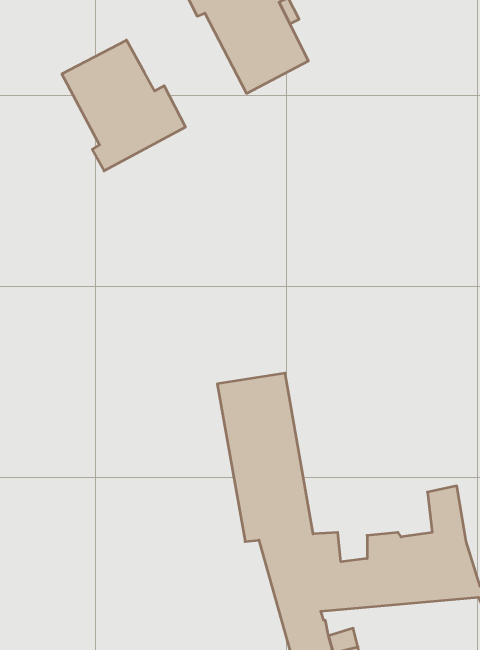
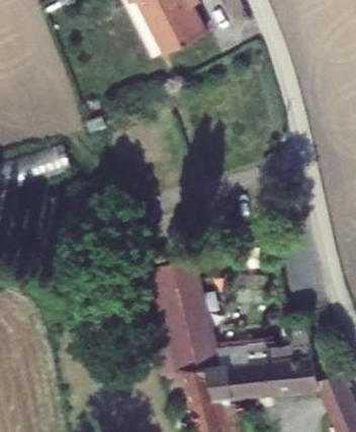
building: [62,40,185,171] -> none

